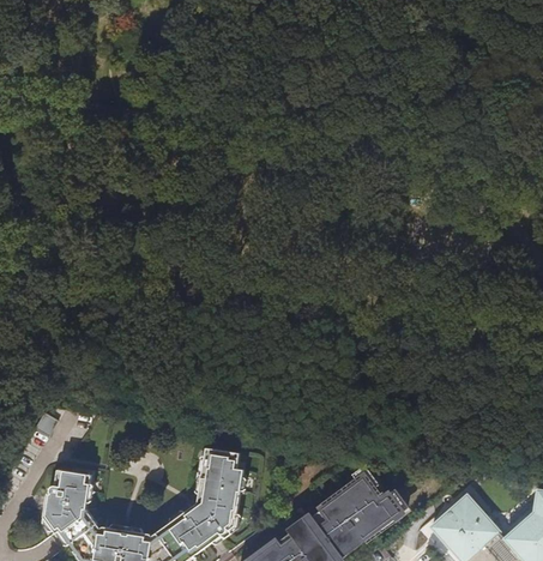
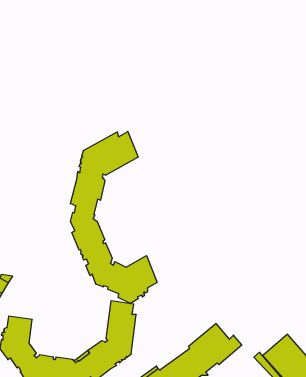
building: none -> [70,131,157,304]

